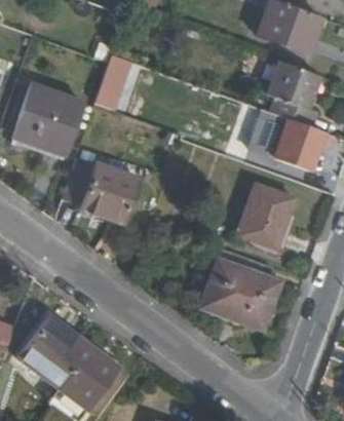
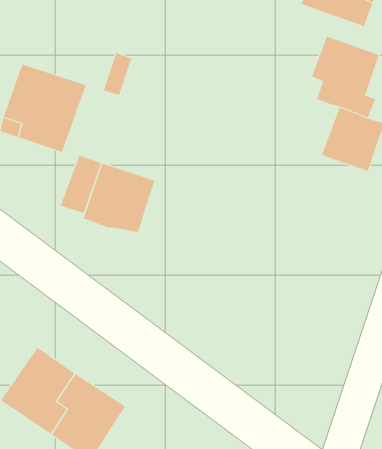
building: [249,110,285,156] -> none
building: [237,183,297,250] -> none
building: [204,262,277,326] -> none

